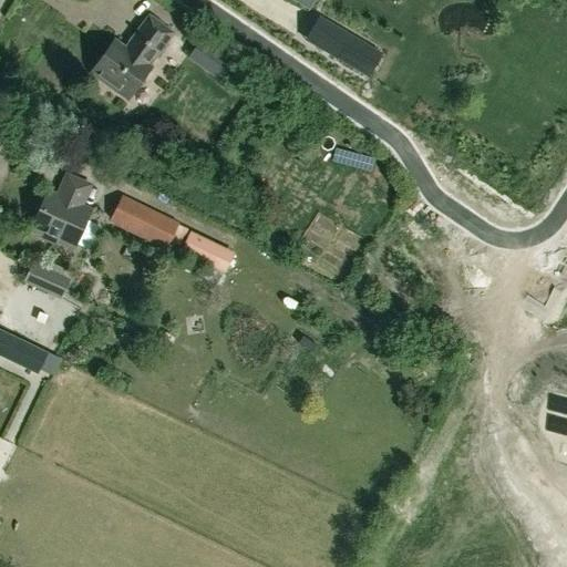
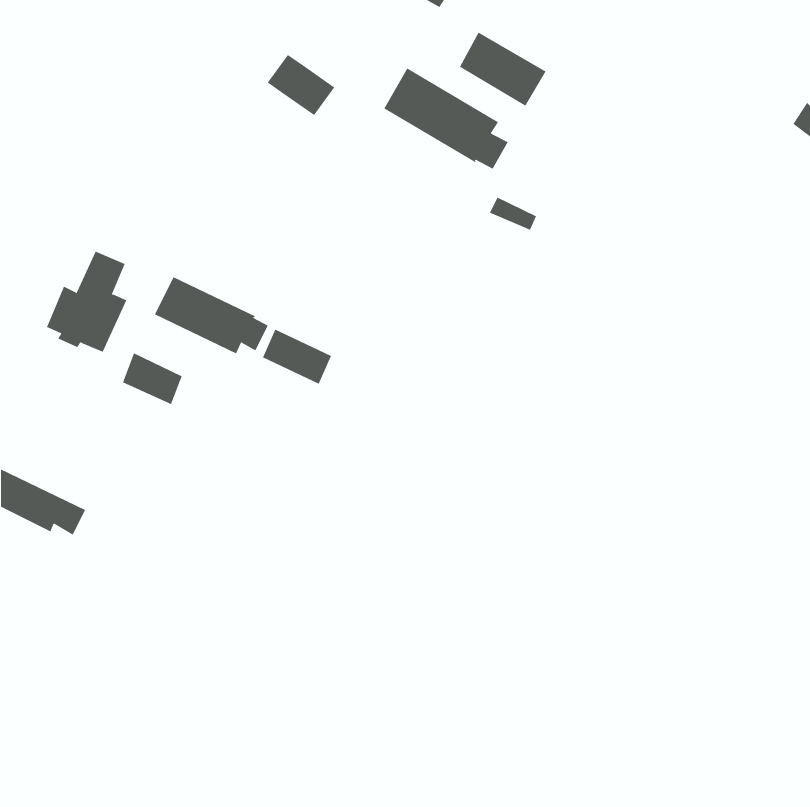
building: [95,17,172,97] -> none
building: none -> [384,68,508,169]
building: [27,261,69,298] -> [122,352,183,405]

